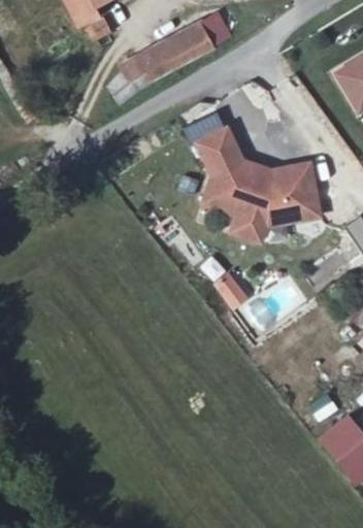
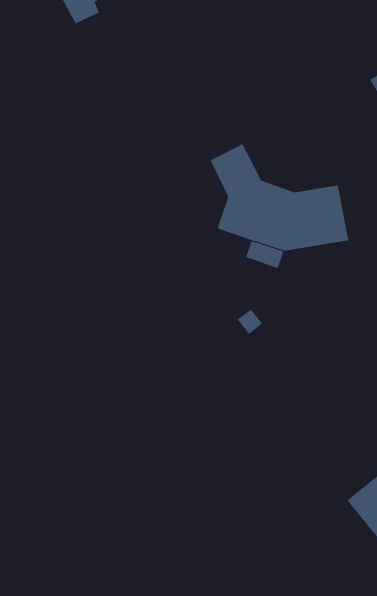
building: [122,13,230,90] -> none

